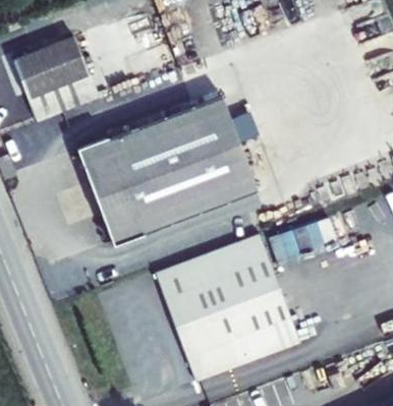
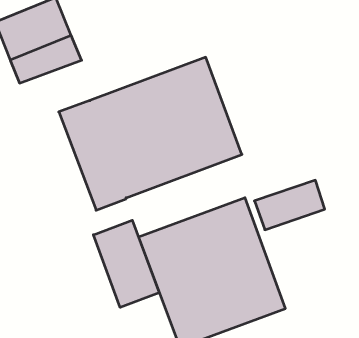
building: none -> [93,220,159,307]

